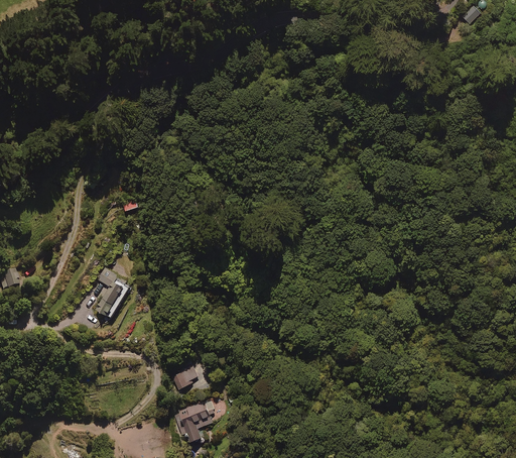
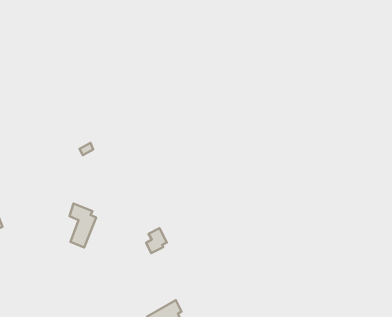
building: [173,361,198,389] -> [146,228,167,253]

